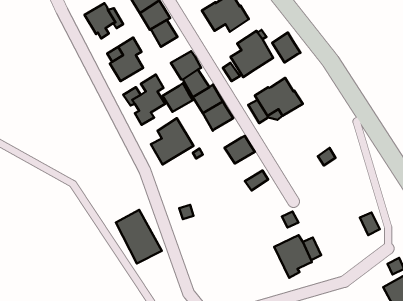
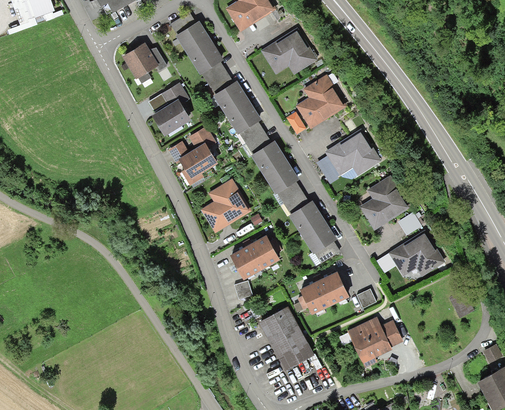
building: [272,33,301,63] -> none
building: [163,83,193,112] -> [212,78,248,112]
building: none -> [359,175,410,230]
building: none -> [276,180,308,213]
building: none -> [300,218,336,253]
building: none -> [388,231,445,277]
building: none -> [229,232,280,277]
building: none -> [297,269,348,312]
building: [116,210,162,264] -> [259,305,314,369]

